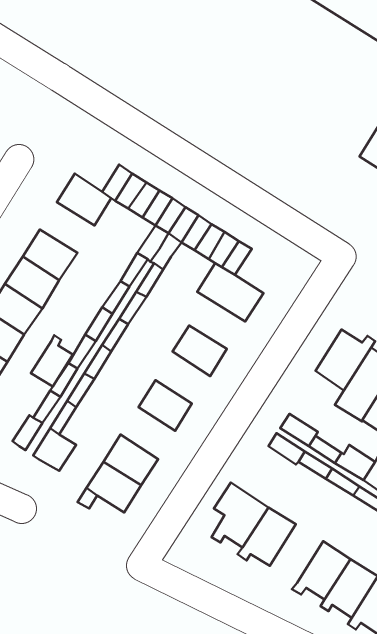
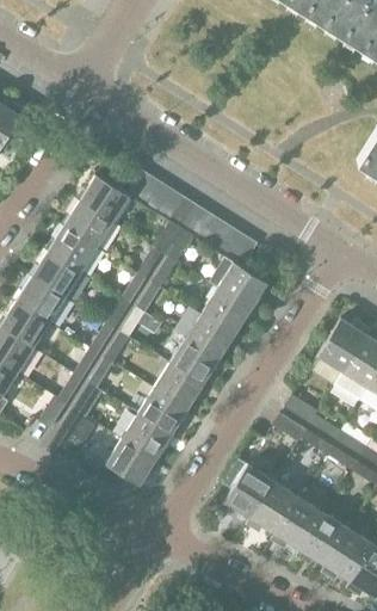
building: none -> [63,200,113,247]
building: none -> [200,289,252,335]
building: [31,335,73,386] -> none
building: none -> [169,338,220,385]
building: none -> [137,389,187,437]
building: none -> [271,496,323,550]

